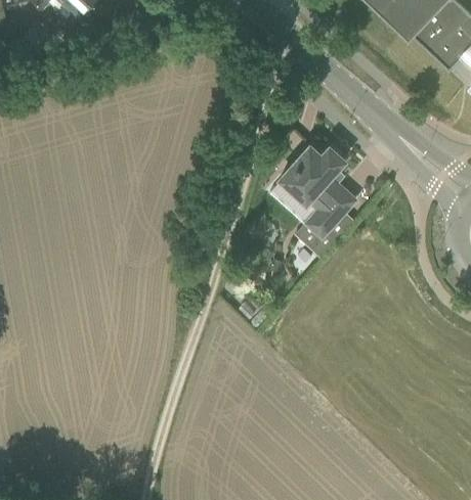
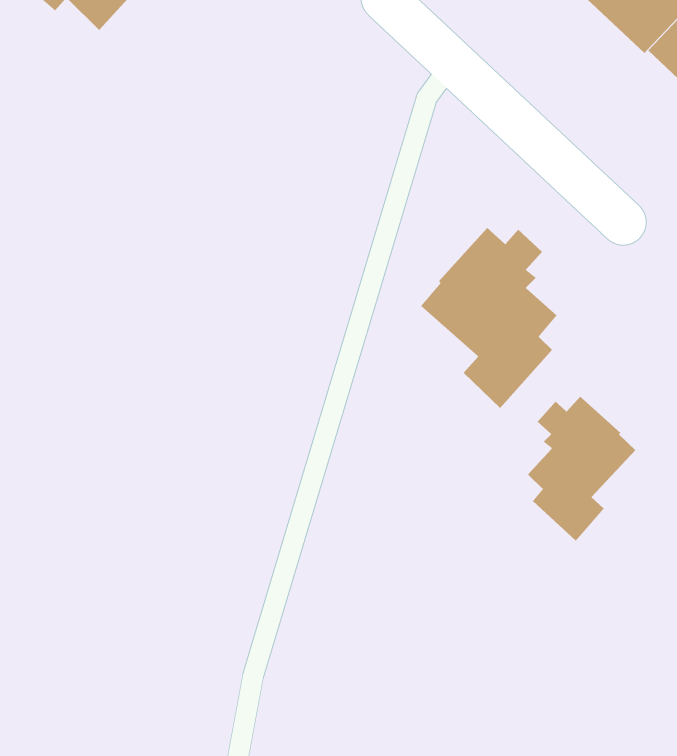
building: none -> [527,396,636,542]

